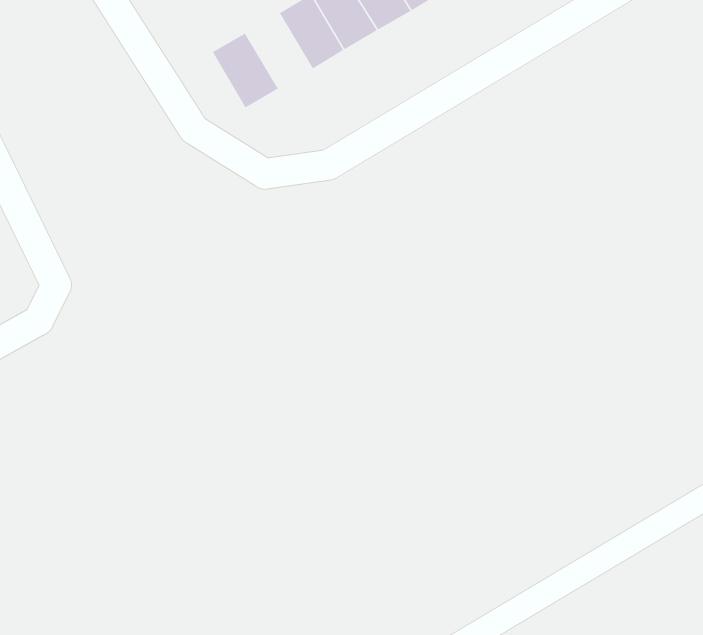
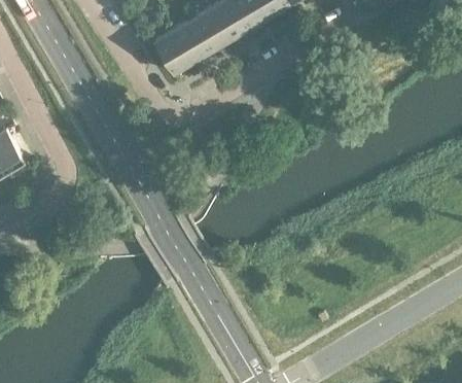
building: none -> [174,19,213,63]

